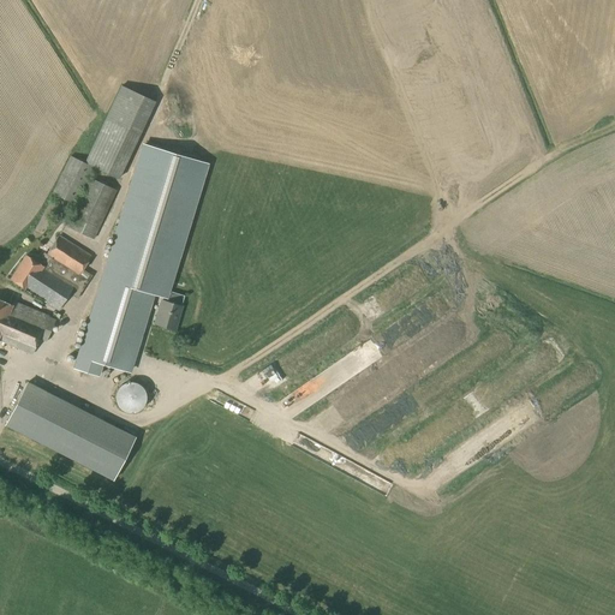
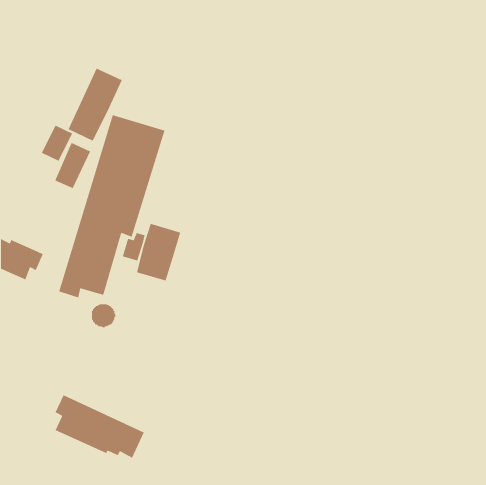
building: [10,238,91,312] -> none
building: none -> [136,223,181,281]
building: [18,382,132,464] -> [55,394,145,459]

